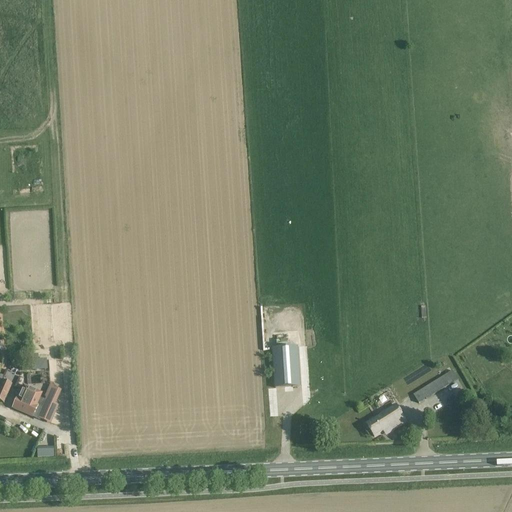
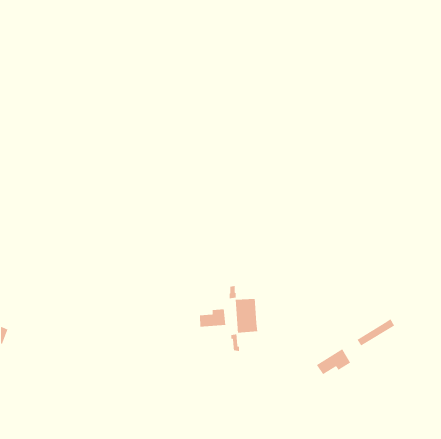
building: none -> [199,308,226,327]
building: [13,380,61,421] -> none

